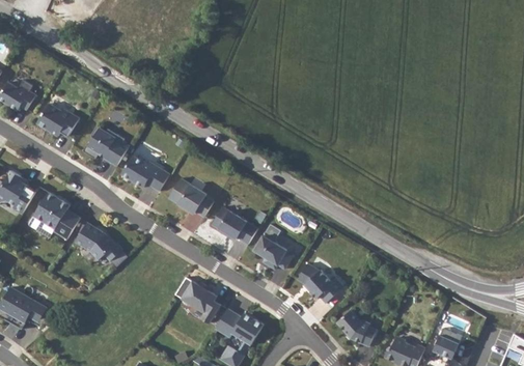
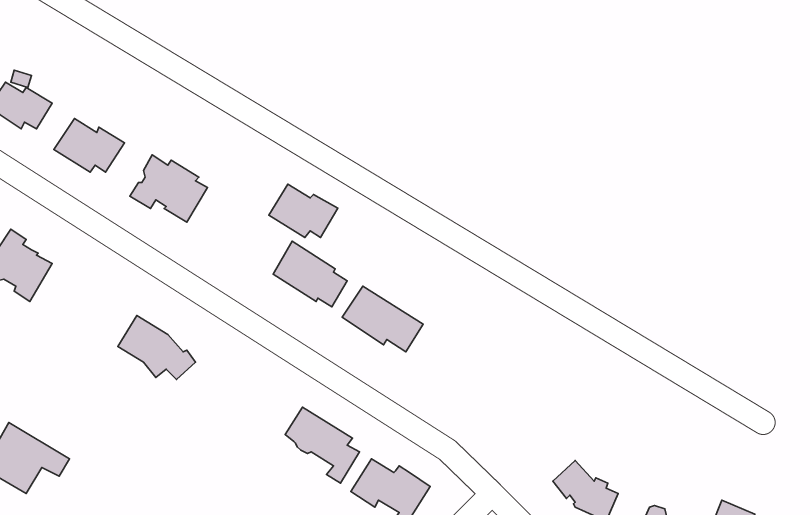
building: [120,154,162,187] -> [269,184,338,238]
building: [28,192,80,238] -> none
building: [253,232,294,269] -> none
building: [297,262,343,303] -> none

